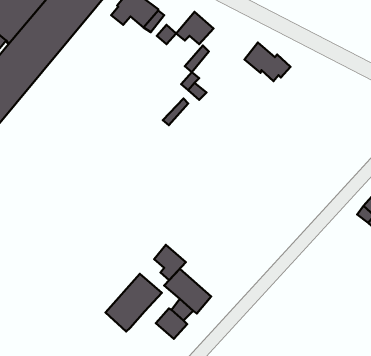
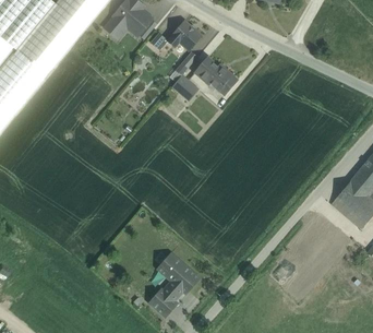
building: [245,43,291,81] -> [194,57,236,92]
building: [154,245,186,280] -> none
building: [105,274,162,331] -> none

